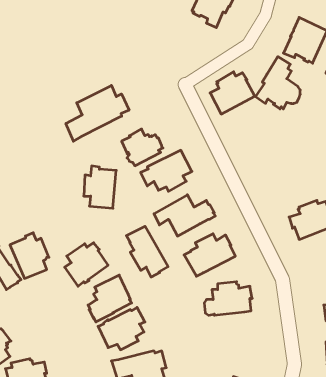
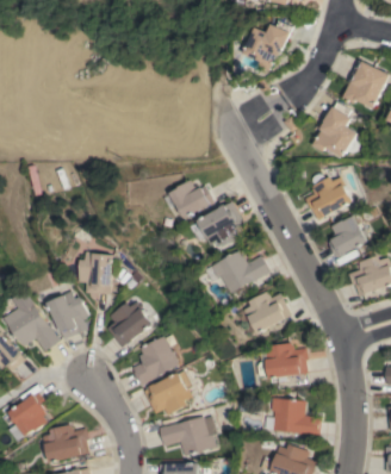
building: [210,72,255,114] -> [304,176,352,222]
building: [66,85,129,141] -> none
building: none -> [327,217,367,258]
building: [84,166,116,208] -> [81,250,116,295]
building: [126,226,168,277] -> none
building: none -> [263,398,319,437]

